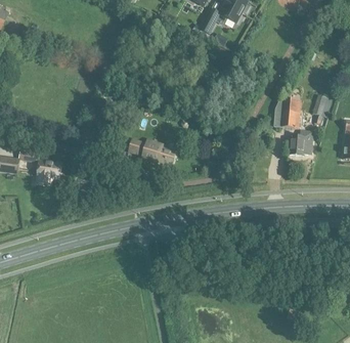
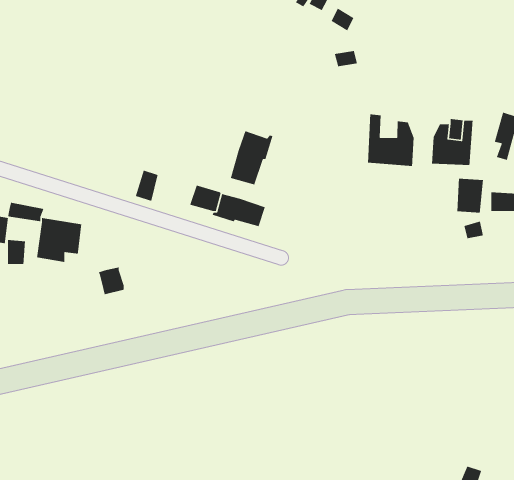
building: none -> [367,114,415,167]
building: none -> [230,130,274,186]

